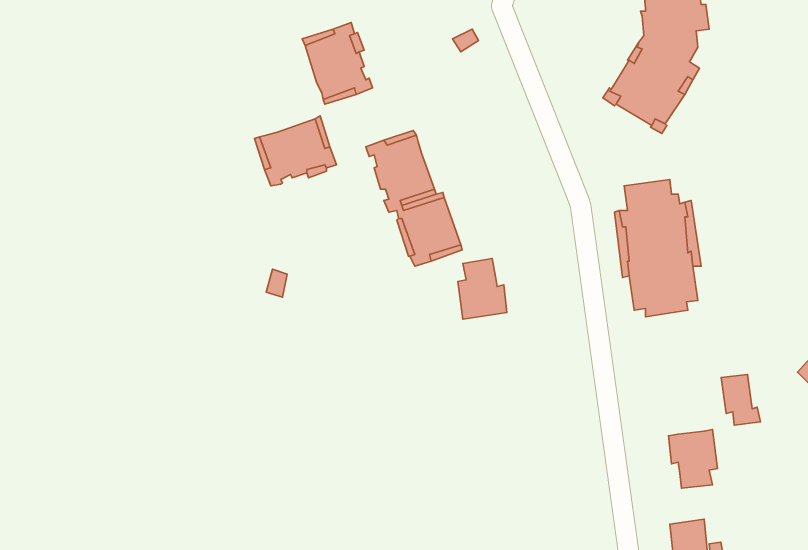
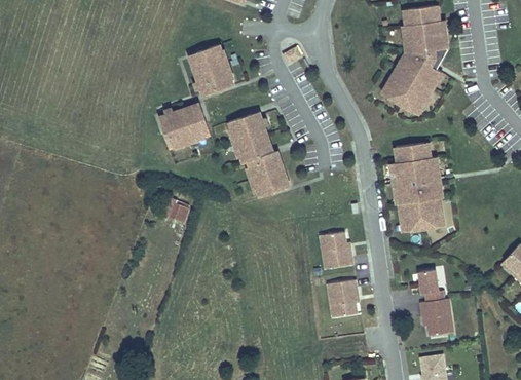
building: [458,259,507,319] -> [321,232,351,270]
building: [721,374,760,425] -> [418,272,443,304]
building: none -> [326,281,357,318]

